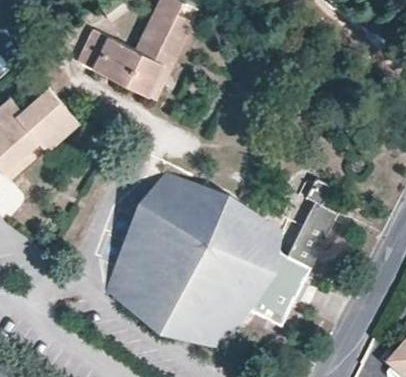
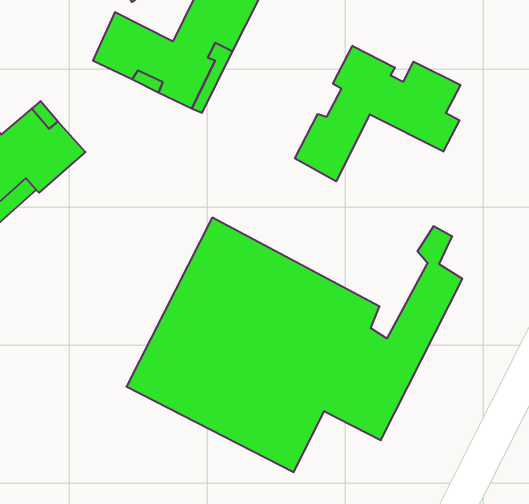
building: none -> [295,46,460,181]

